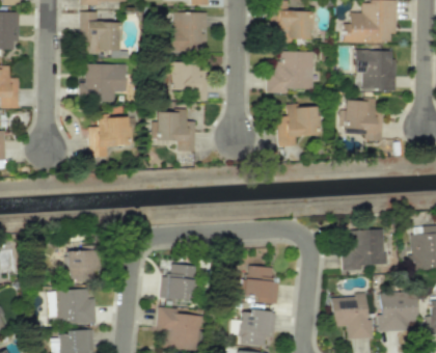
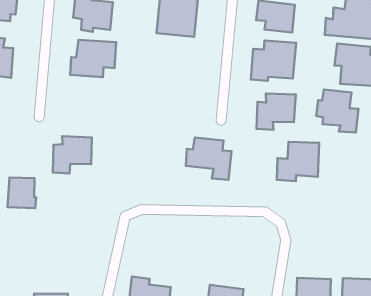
building: [163,62,207,102] -> none
building: [148,110,195,152] -> [186,138,232,180]
building: [88,117,129,157] -> [53,136,92,174]
building: [342,229,385,271] -> [277,142,319,181]
building: [69,250,98,282] -> [8,178,36,208]
building: [161,265,195,300] -> none
building: [246,267,279,304] -> none
building: [57,290,96,324] -> none

